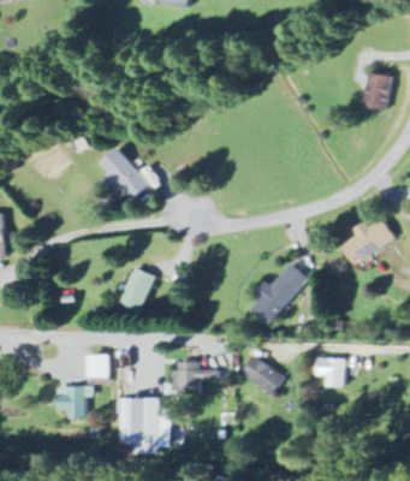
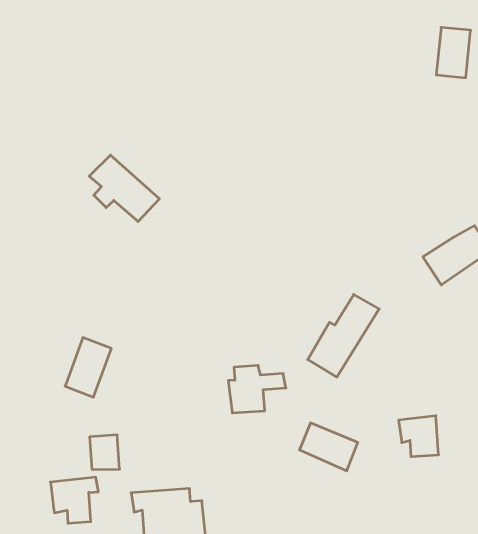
building: [118,266,154,310] -> [65,338,111,397]
building: [174,361,216,394] -> [228,365,286,413]

